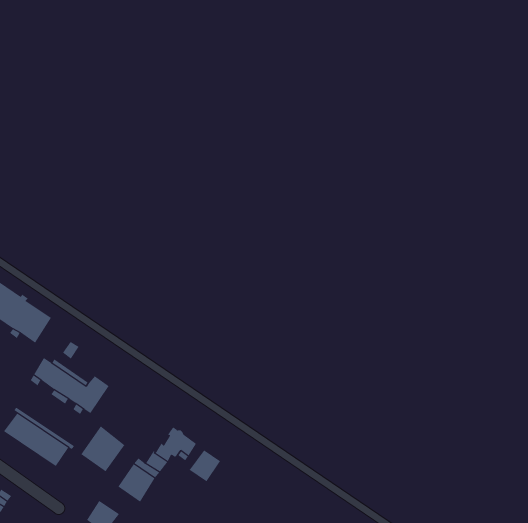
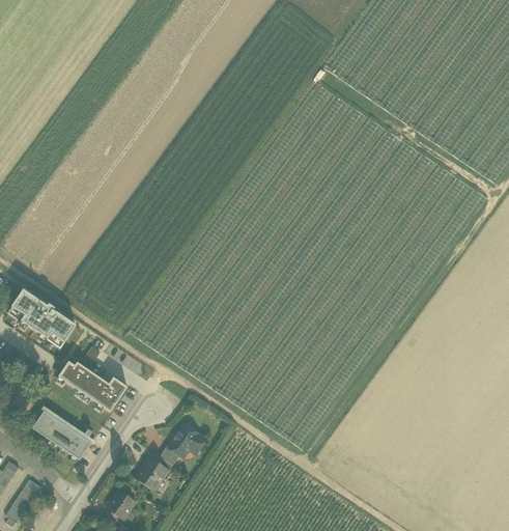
building: [80,425,125,472] -> none
building: [189,449,221,482] -> none

